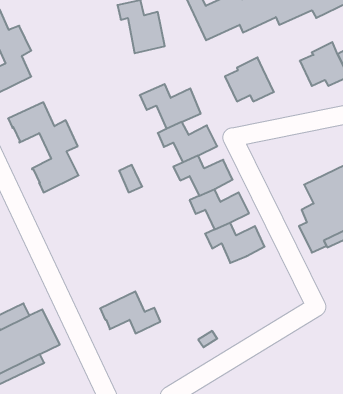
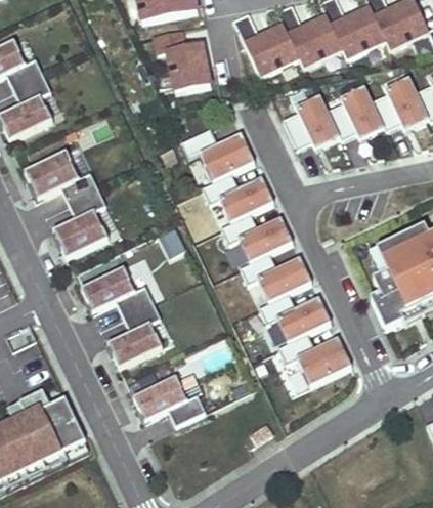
building: none -> [327,86,384,138]
building: none -> [81,265,161,366]
building: none -> [277,332,350,384]

